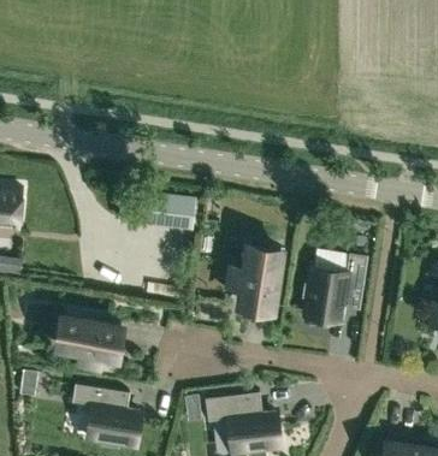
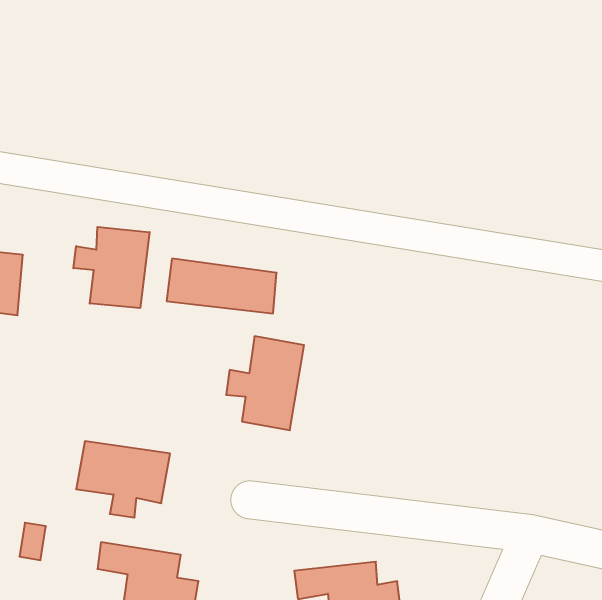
building: none -> [73,227,150,308]
building: [229,244,282,308] -> [226,336,304,430]
building: [302,253,367,321] -> none

